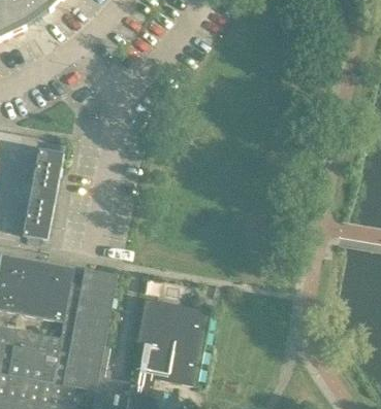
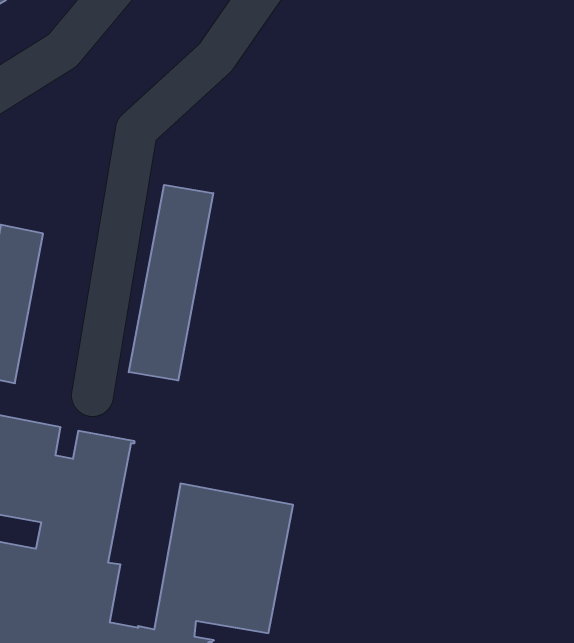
building: none -> [129,185,213,381]

